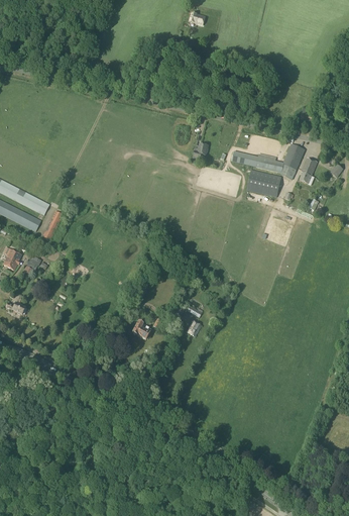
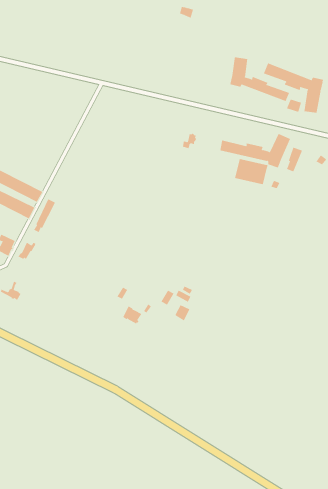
building: none -> [230,56,290,102]
building: none -> [263,63,323,114]

